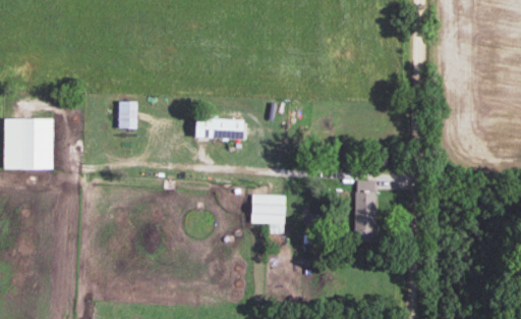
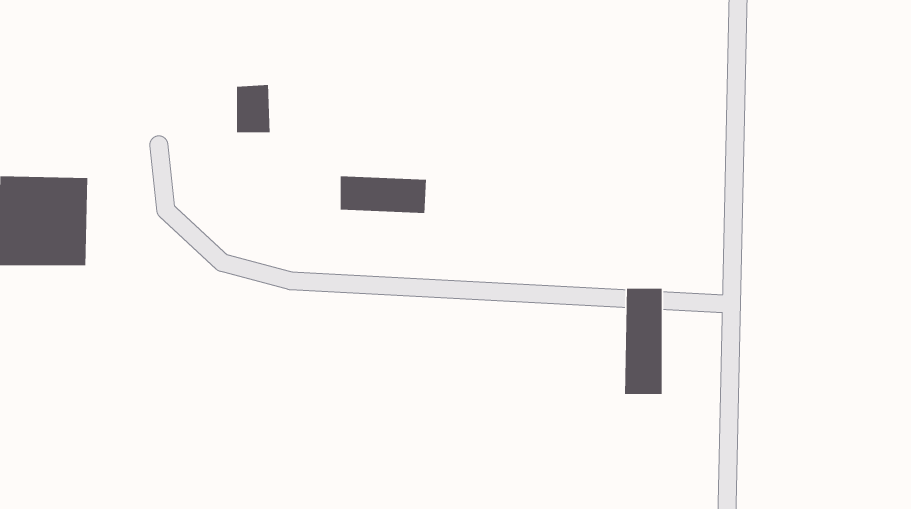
building: [119,101,138,128] -> [236,84,271,133]
building: [251,195,286,224] -> none

